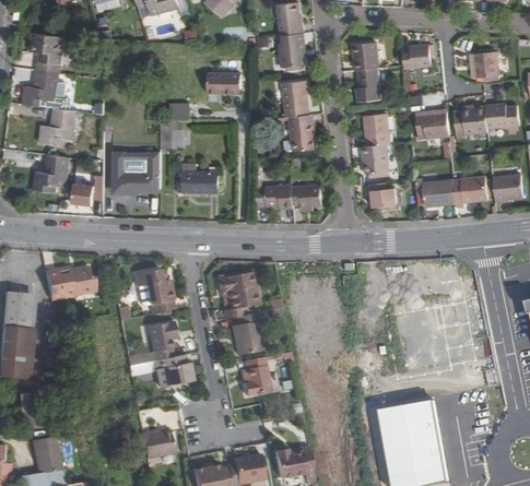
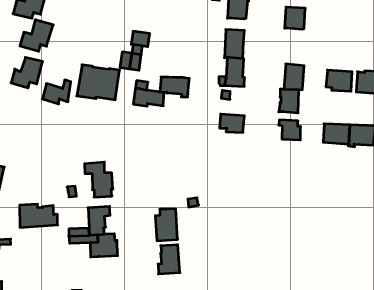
building: [403,45,433,71] -> none
building: [209,70,244,93] -> none
building: [357,70,381,104] -> none
building: [258,187,294,211] -> [160,77,189,97]
building: [45,268,95,300] -> [20,204,58,227]
building: [217,272,259,319] -> none

